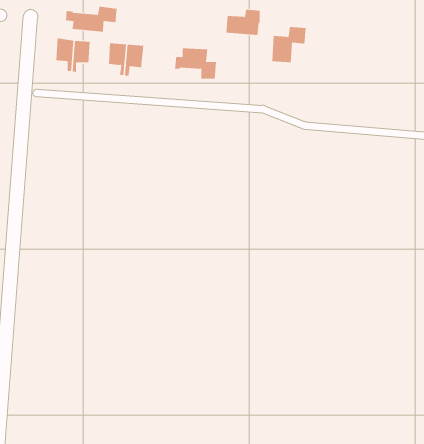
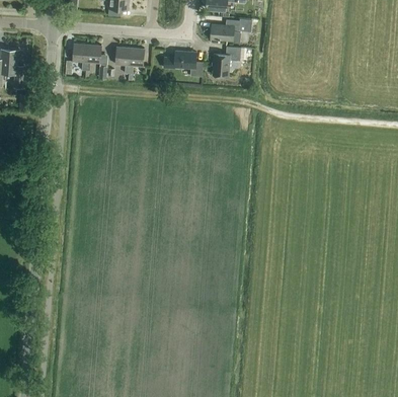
building: [66,6,117,32] -> none
building: [272,27,307,63] -> [213,47,241,76]

